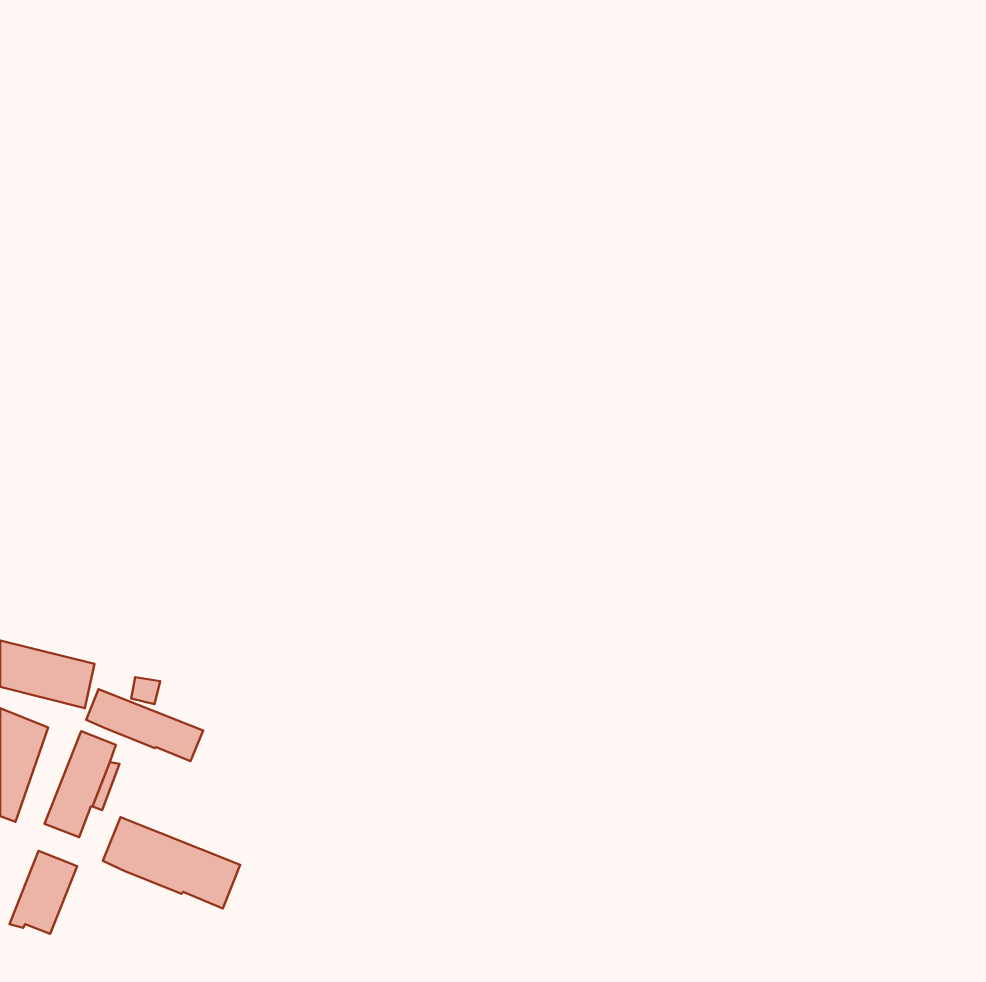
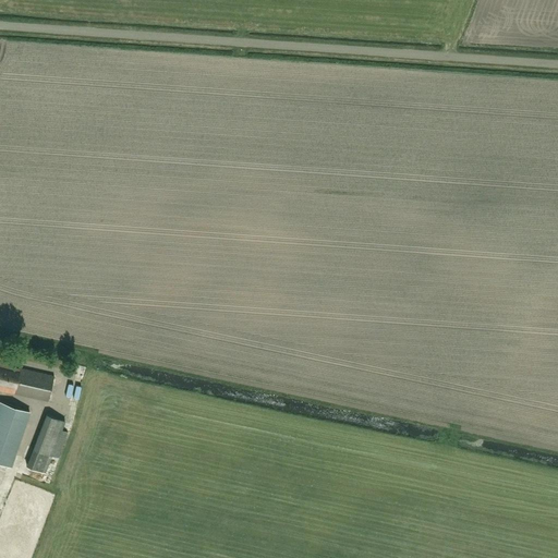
building: [86,689,203,761] -> none
building: [103,817,240,908] -> none

